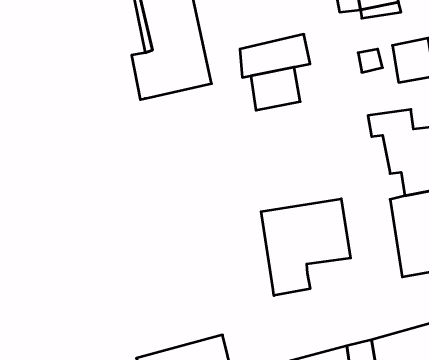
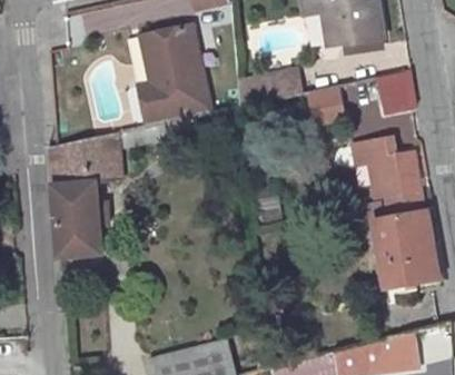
building: [251,67,300,110] -> [305,86,349,125]
building: none -> [50,126,156,259]
building: [261,199,351,296] -> none

